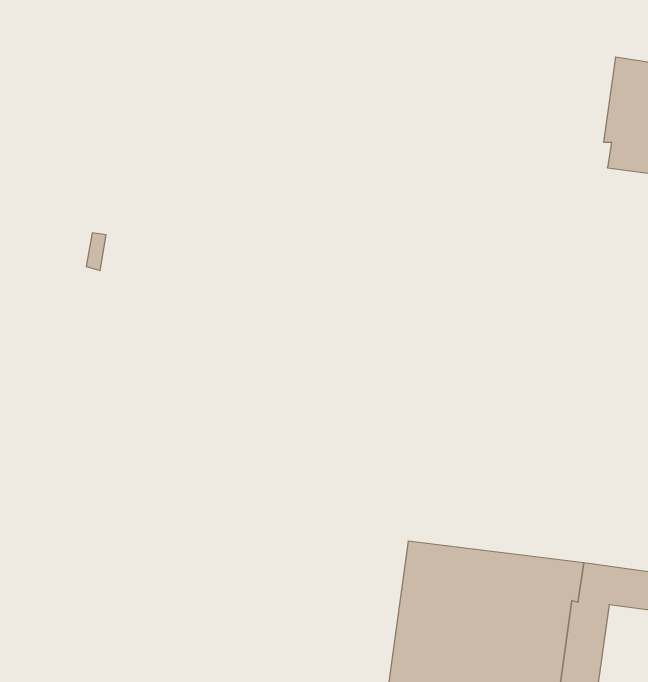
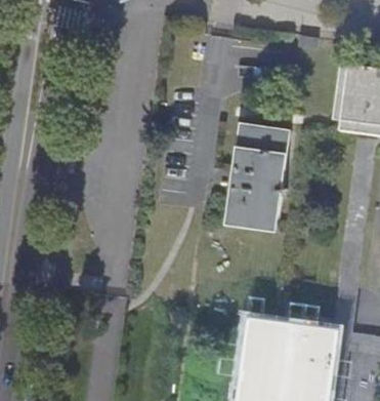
building: none -> [228,125,290,226]

